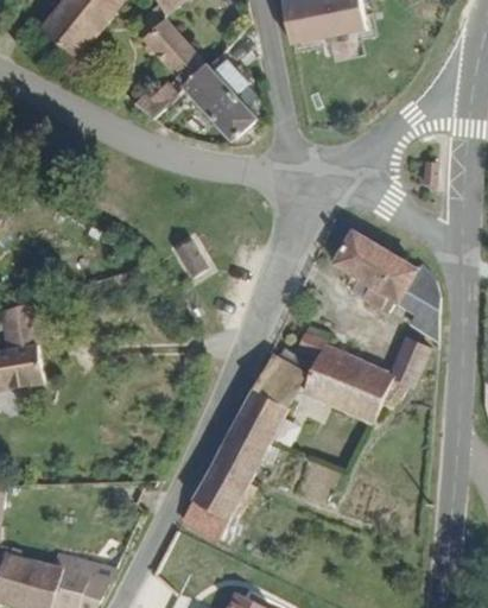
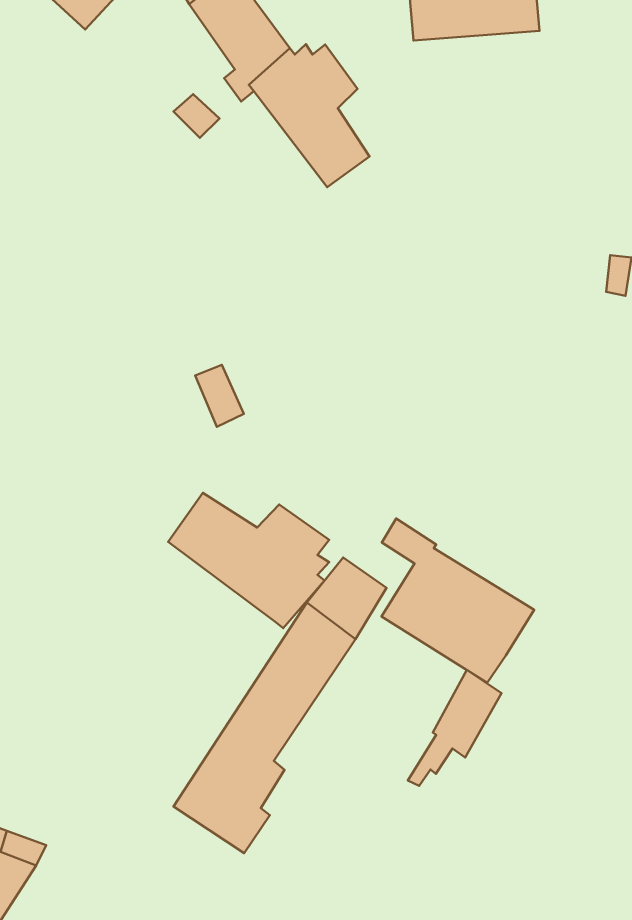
building: [330,234,436,336] -> none
building: none -> [168,493,329,628]
building: [379,336,430,410] -> [408,670,501,786]

